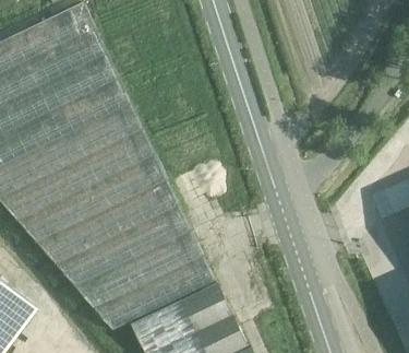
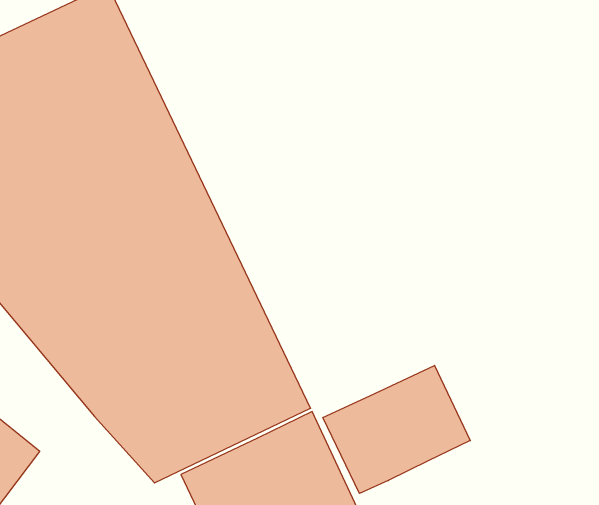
building: none -> [323,365,470,493]

